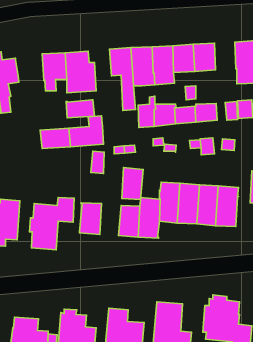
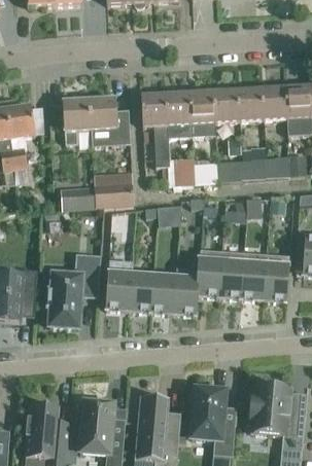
building: none -> [262,86,286,118]
building: [66,100,95,118] -> none
building: [122,168,143,199] -> [129,274,153,311]

